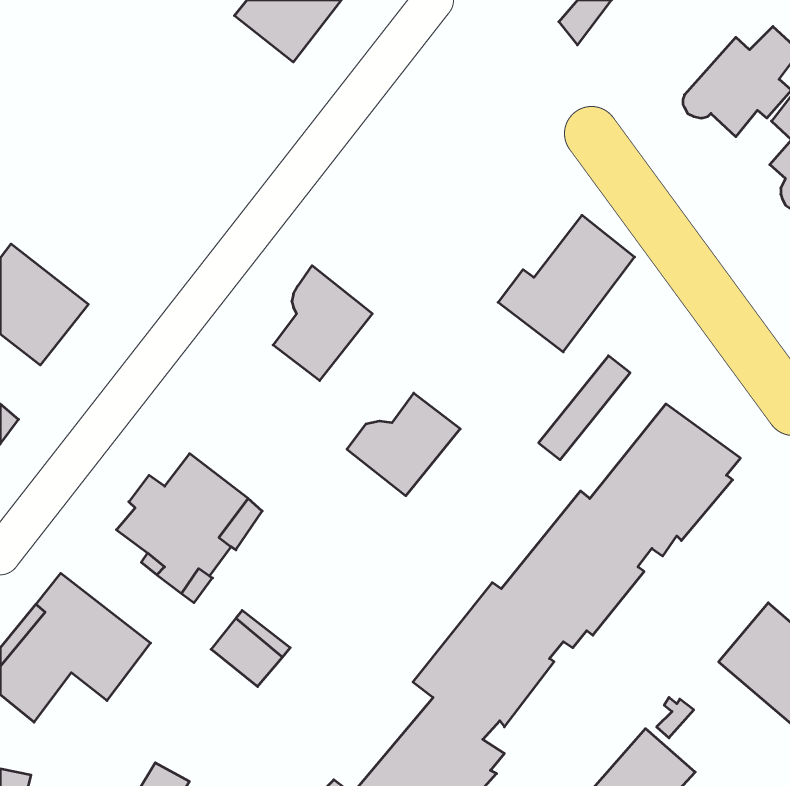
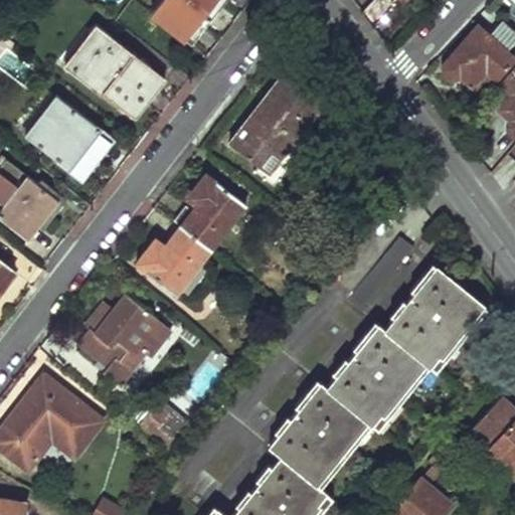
building: none -> [69,23,167,120]
building: none -> [25,98,102,180]
building: [498,215,635,352] -> [237,74,326,163]
building: [347,393,460,496] -> [136,228,209,295]

